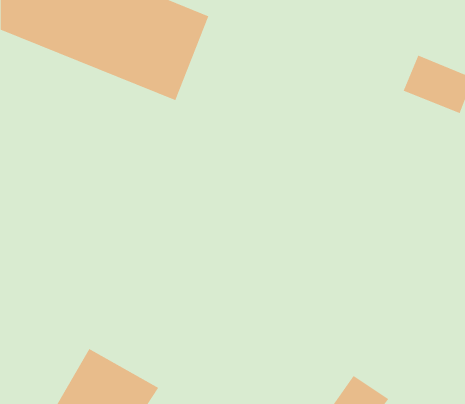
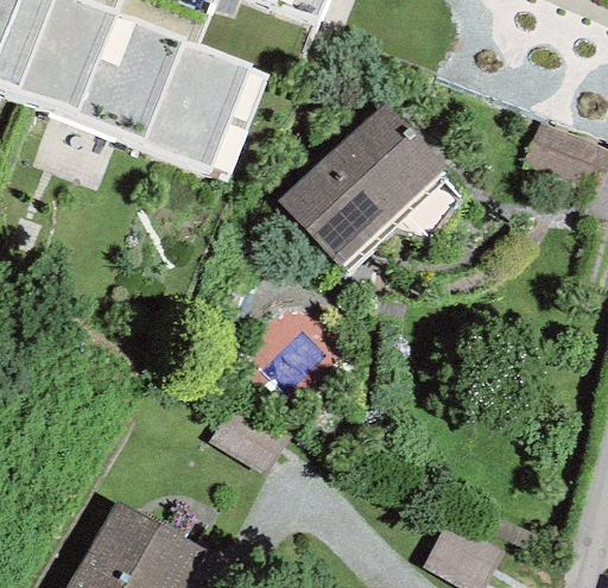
building: none -> [279,103,443,264]

